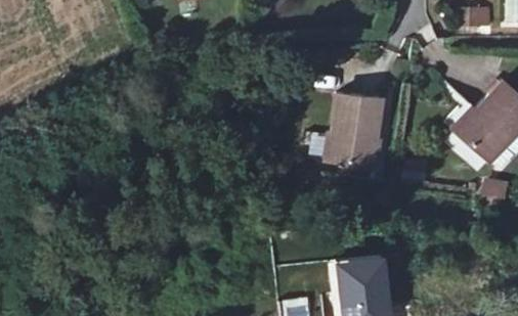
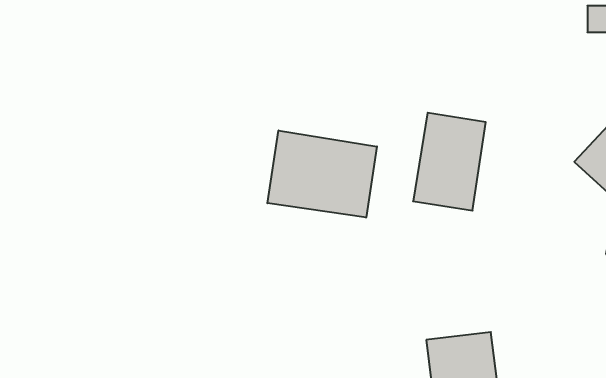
building: none -> [267,130,377,218]

